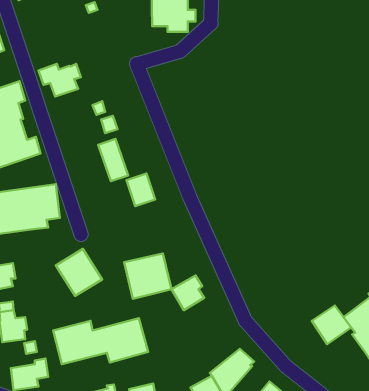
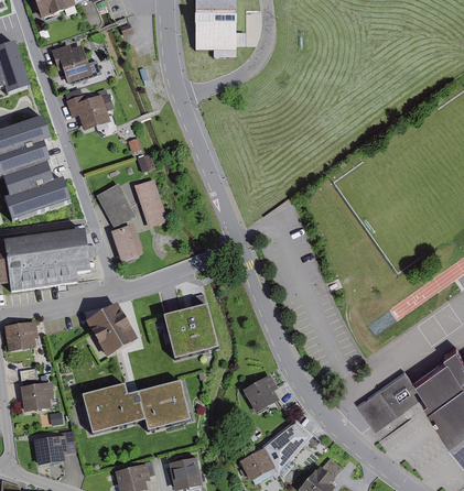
building: none -> [51,43,91,83]
building: none -> [95,183,134,227]
building: [126,174,155,206] -> [110,225,143,262]
building: [171,276,204,310] -> [241,374,279,414]
building: none -> [356,386,396,427]

